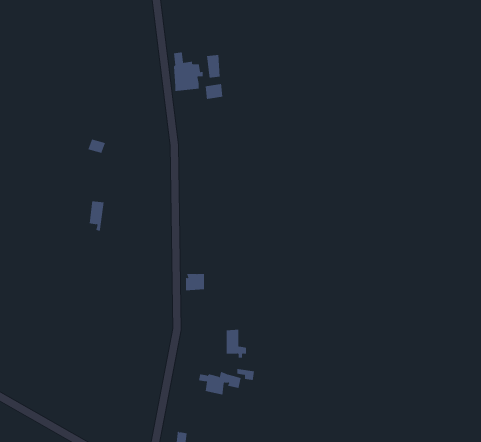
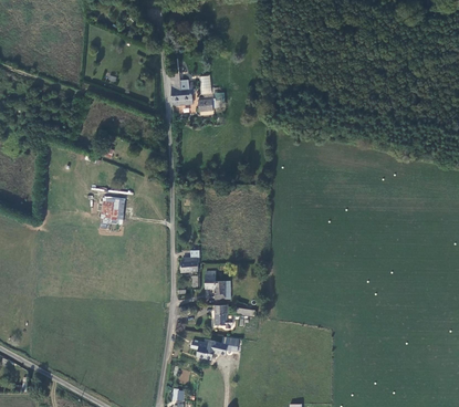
building: none -> [205,271,230,299]

